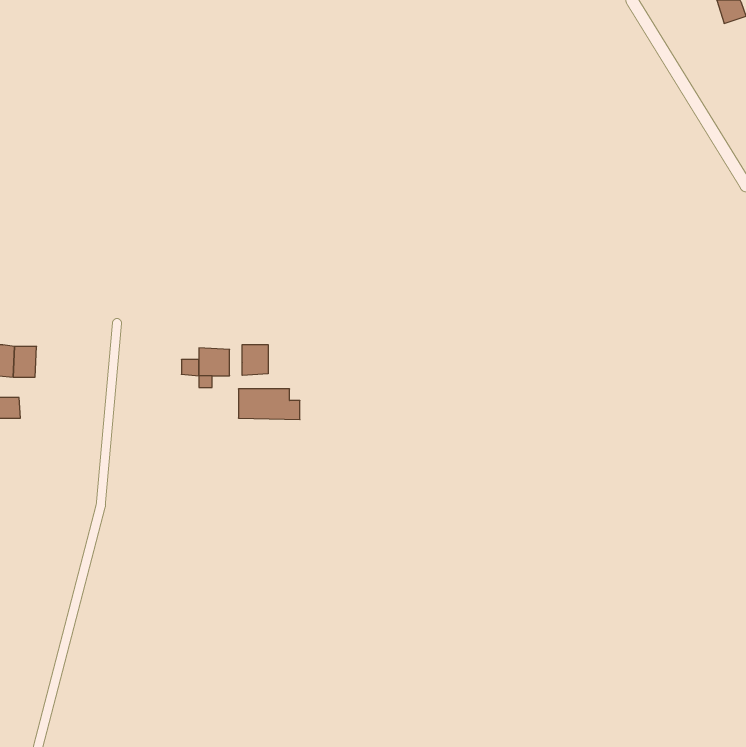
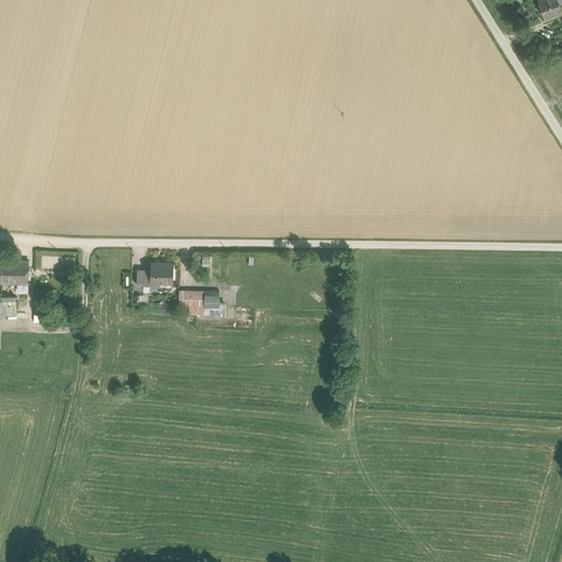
building: [242,345,268,375] -> none

